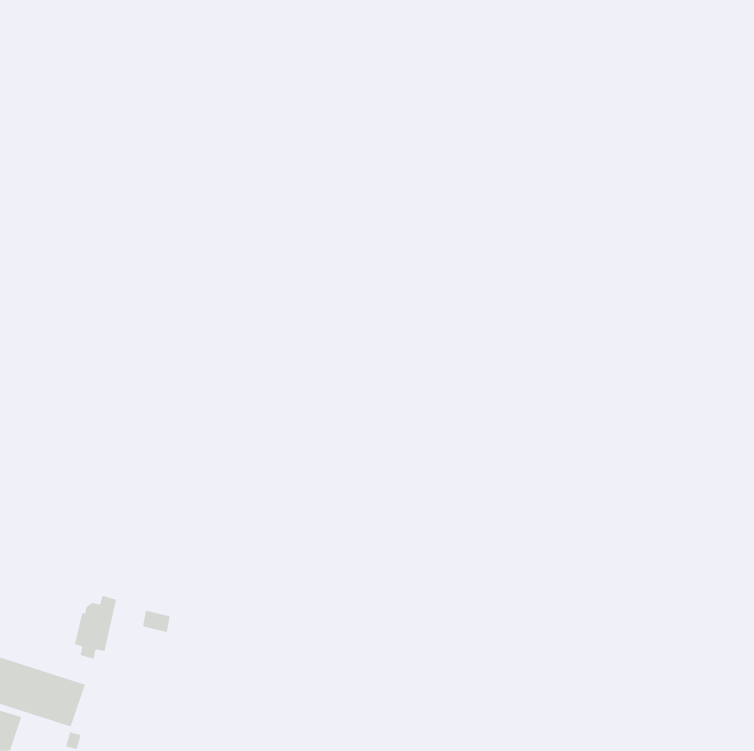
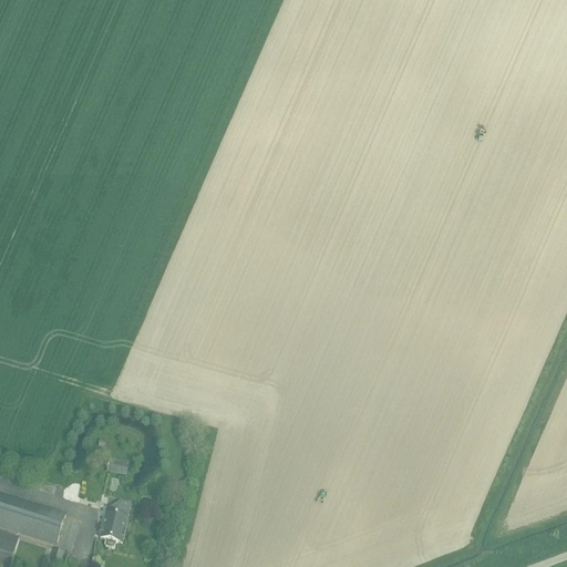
building: [74,595,117,659] -> [97,498,130,546]

